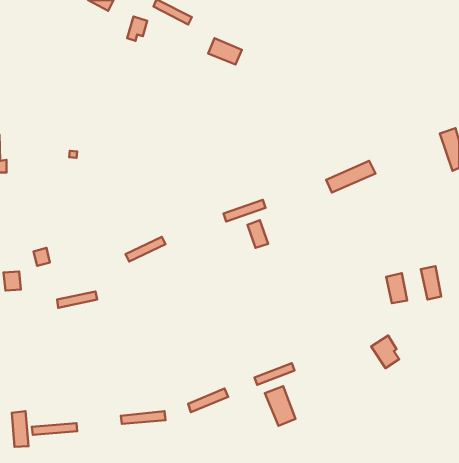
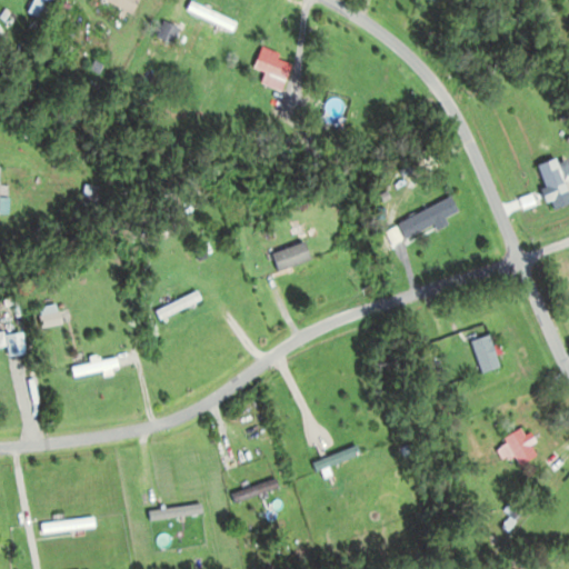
building: [248,220,268,248] -> none
building: [421,266,441,299] -> none
building: [371,336,399,368] -> [501,427,536,467]
building: [265,386,296,426] -> none
building: [12,411,28,447] -> none

